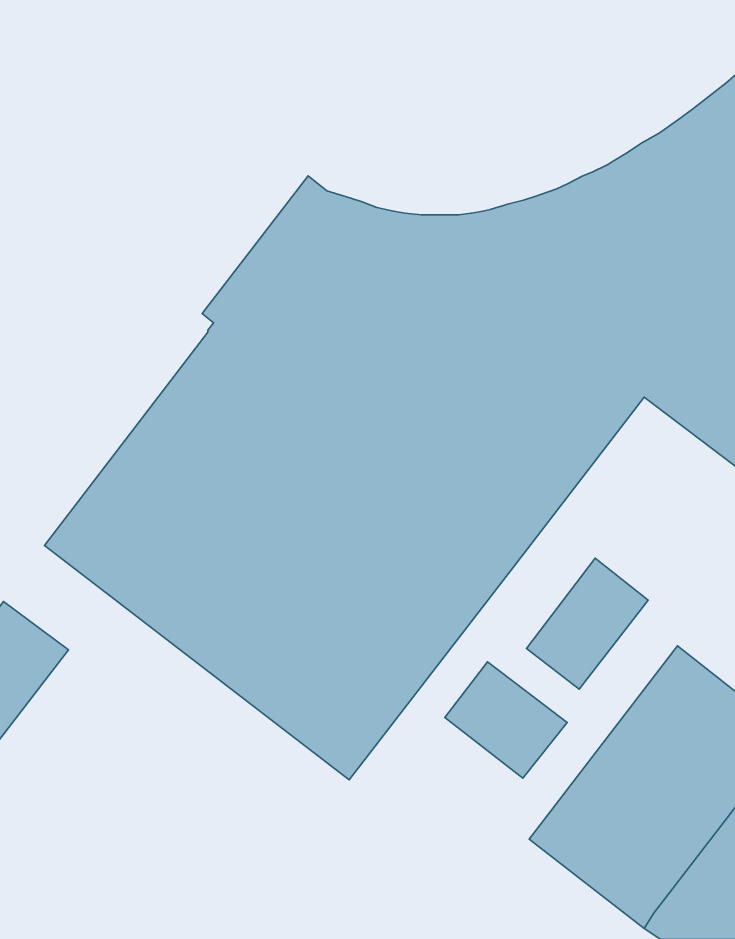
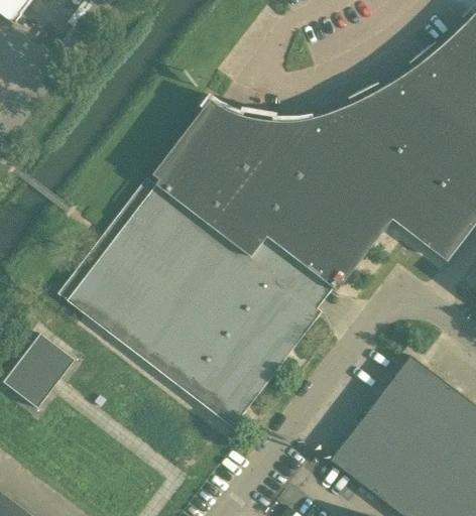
building: [527,558,648,689] -> none
building: [445,662,567,778] -> none

